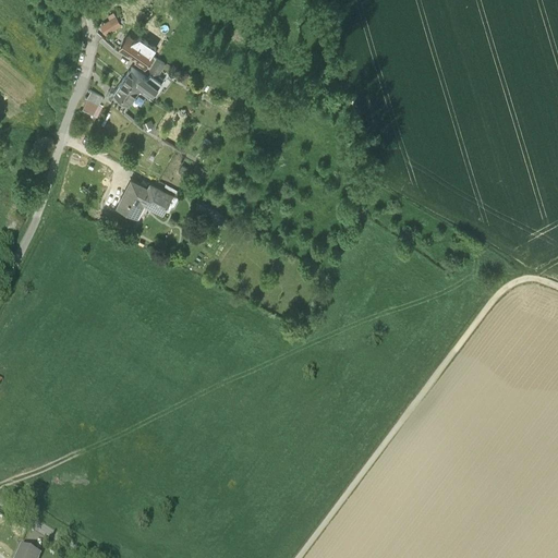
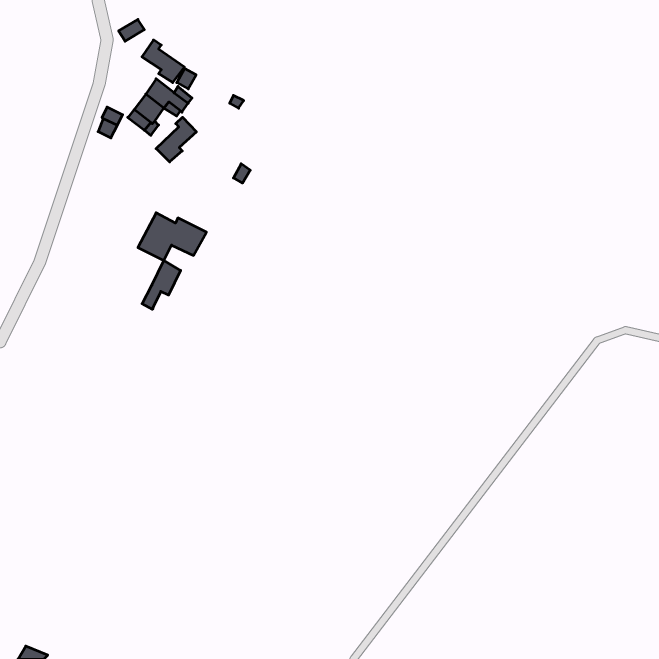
building: none -> [156,117,196,162]
building: none -> [142,261,181,309]

